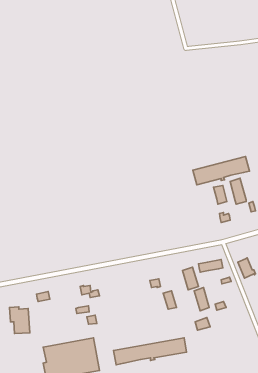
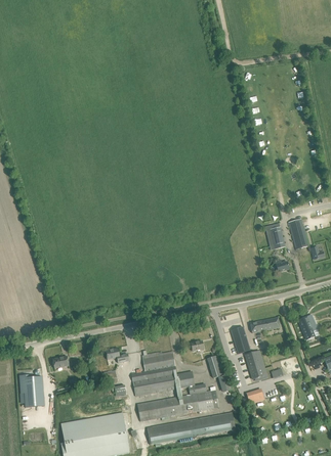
building: [193,157,249,185] -> none
building: none -> [131,351,218,421]

